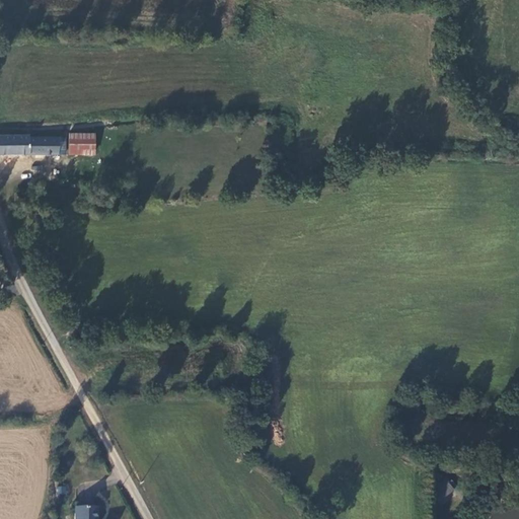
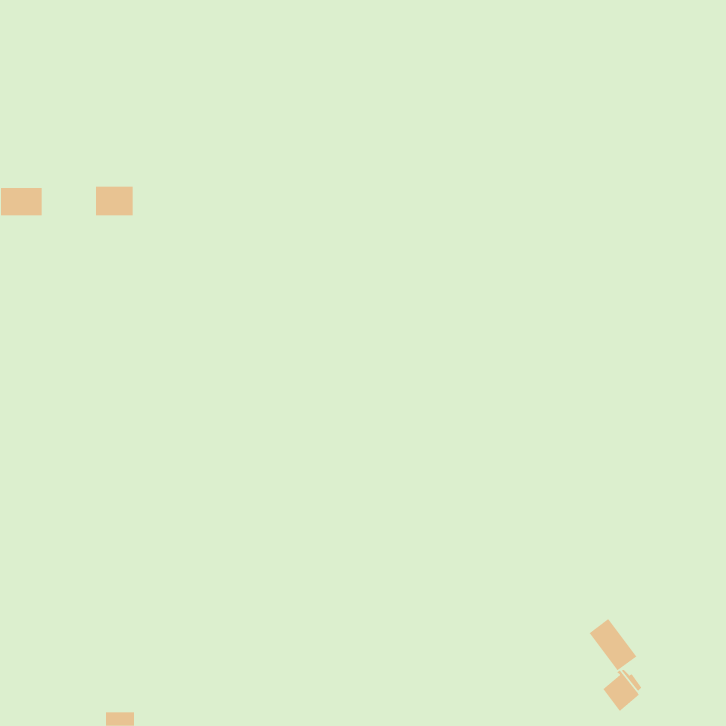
building: [30,136,68,154] -> none
building: none -> [589,618,637,671]

